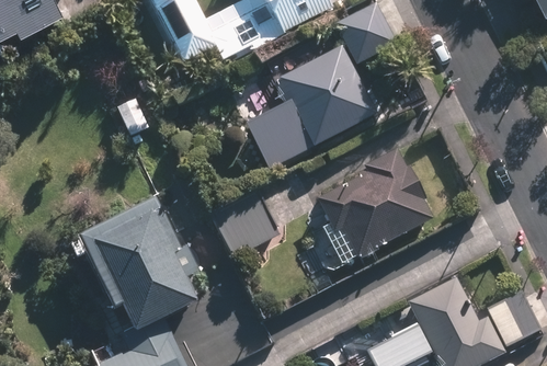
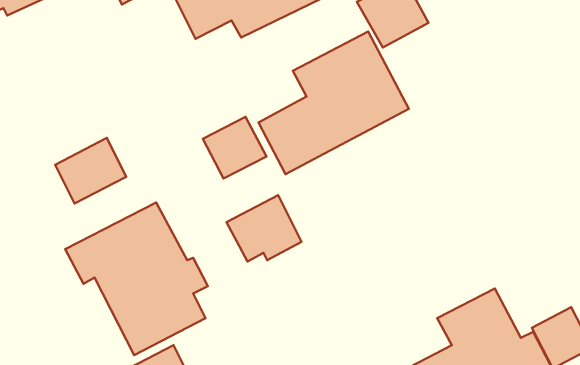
building: none -> [203,117,267,178]
building: none -> [55,138,126,204]
building: [314,150,433,260] -> none

